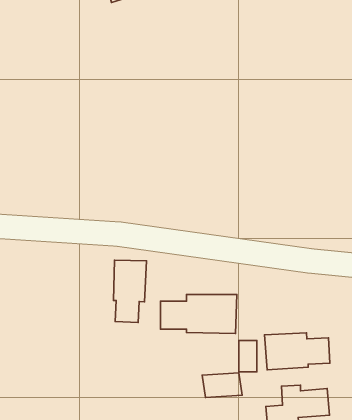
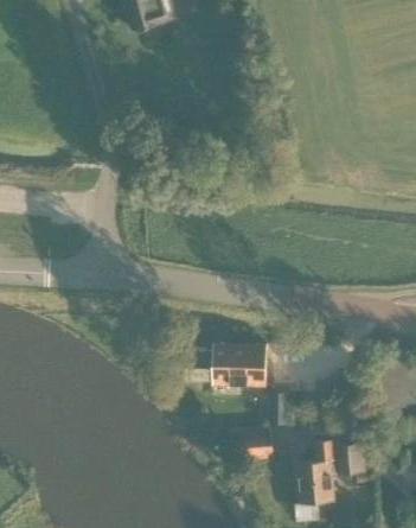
building: [114,260,146,323] -> none
building: [264,333,330,370] -> none

